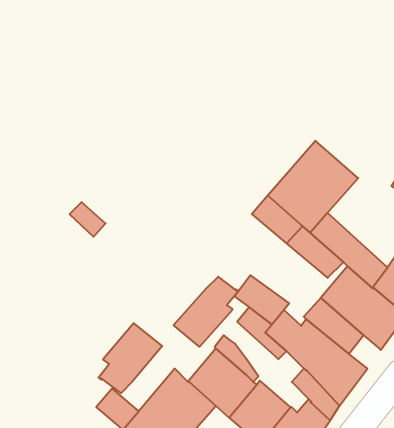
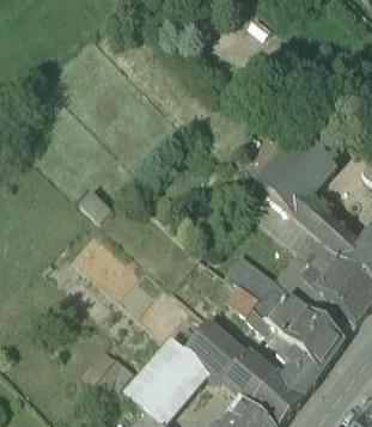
building: [174,277,239,347] -> none
building: [98,323,162,393] -> none

